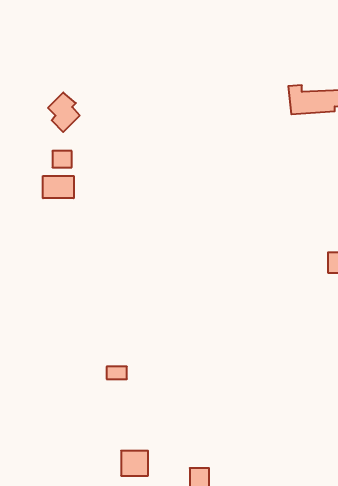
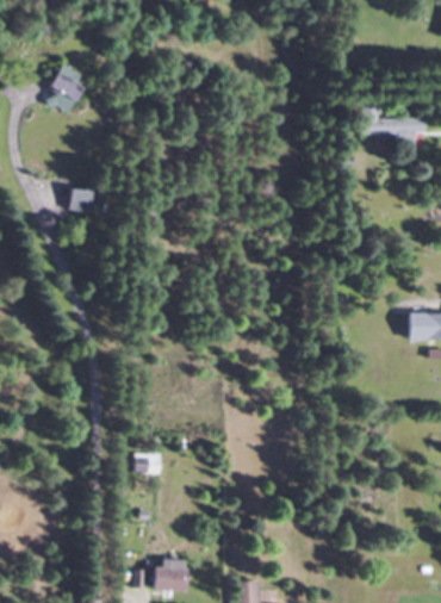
building: [48,92,80,132] -> [44,63,83,112]
building: [43,176,74,198] -> none

